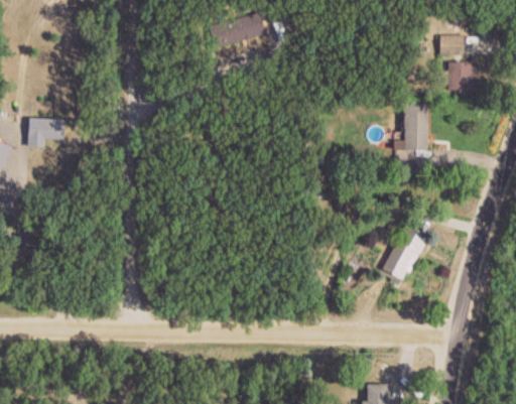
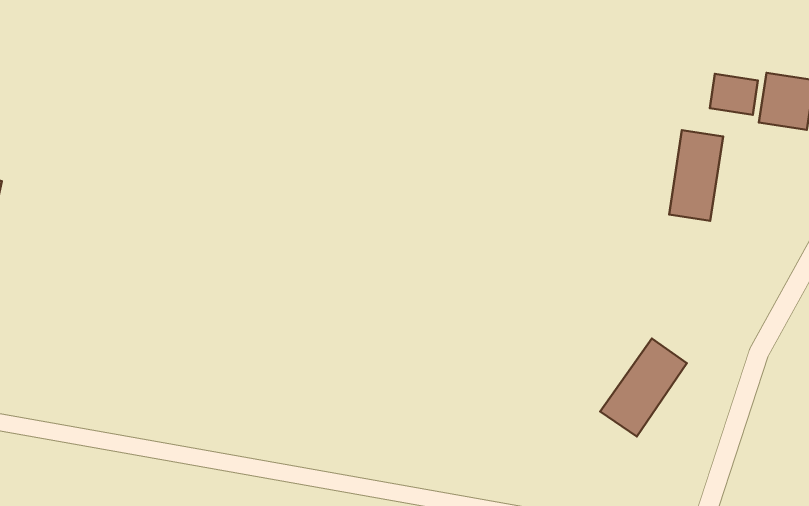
building: [436,36,462,56] -> [710,74,758,115]
building: [27,119,62,139] -> none

